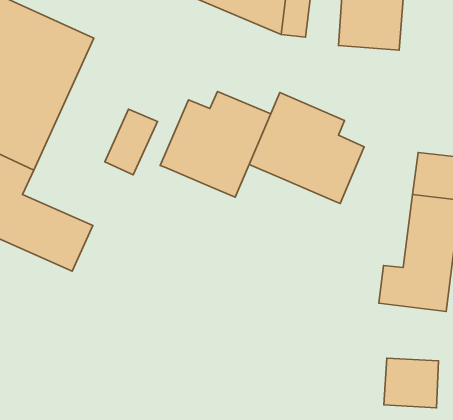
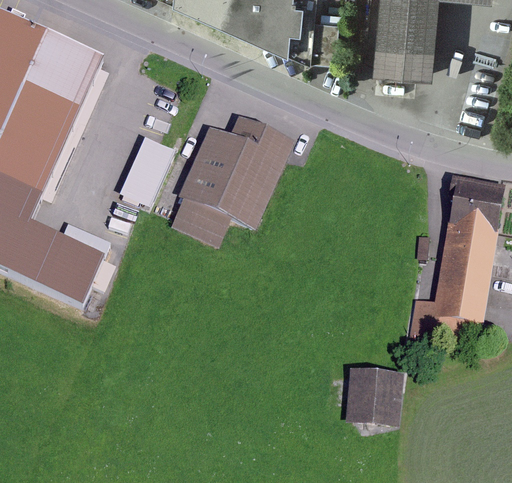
building: [249,93,364,204] -> none
building: none -> [170,194,229,242]
building: [384,358,438,408] -> [346,371,404,424]

